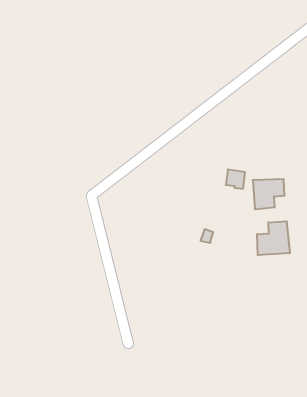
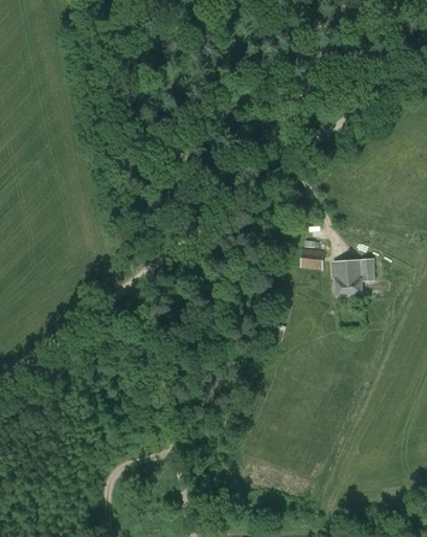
building: [257,221,290,255] -> none

